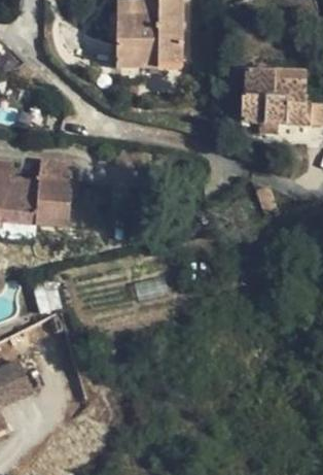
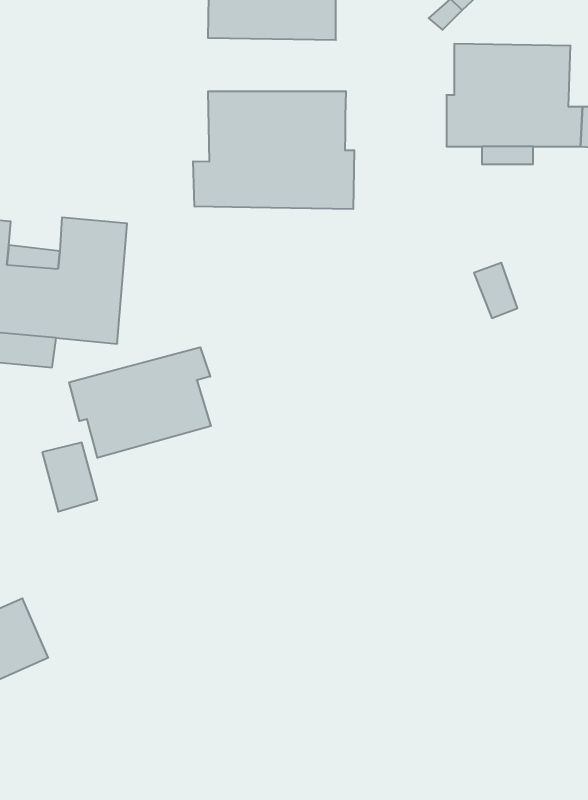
building: none -> [193,91,354,209]
building: none -> [69,347,211,458]

